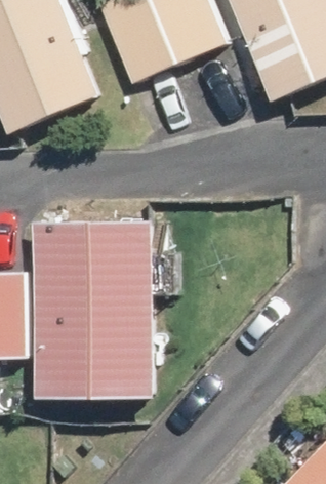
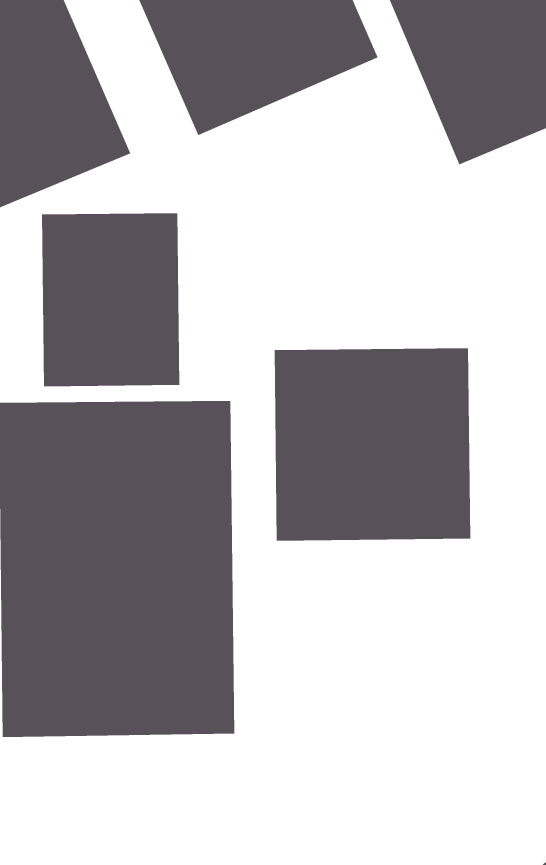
building: none -> [42,212,180,387]
building: none -> [274,347,471,541]

